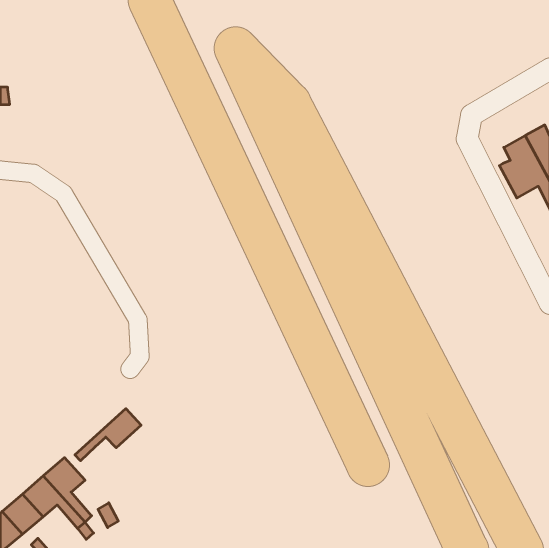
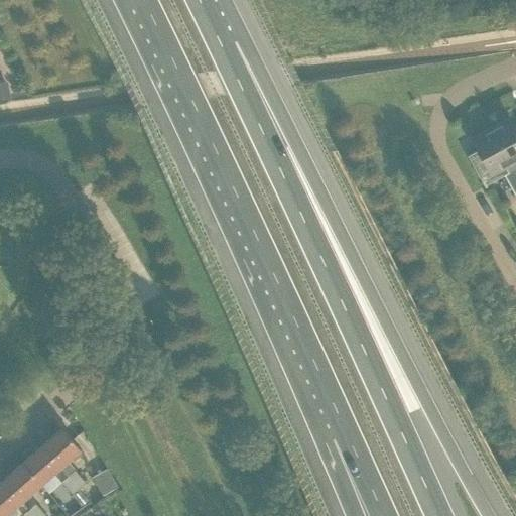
building: [75,409,141,461] -> none

